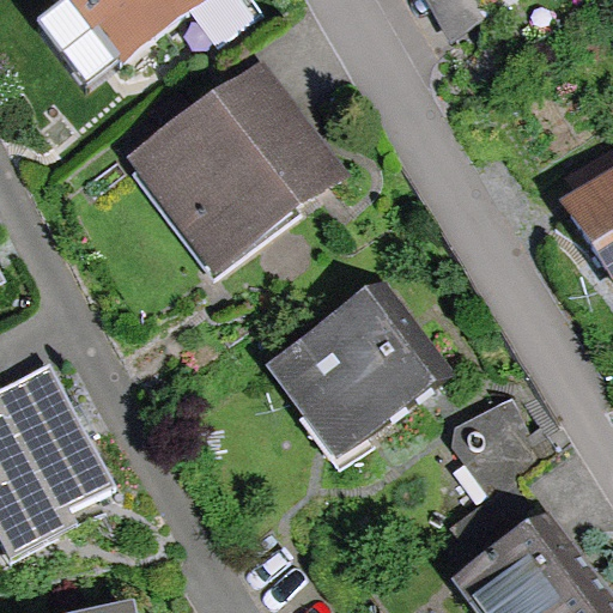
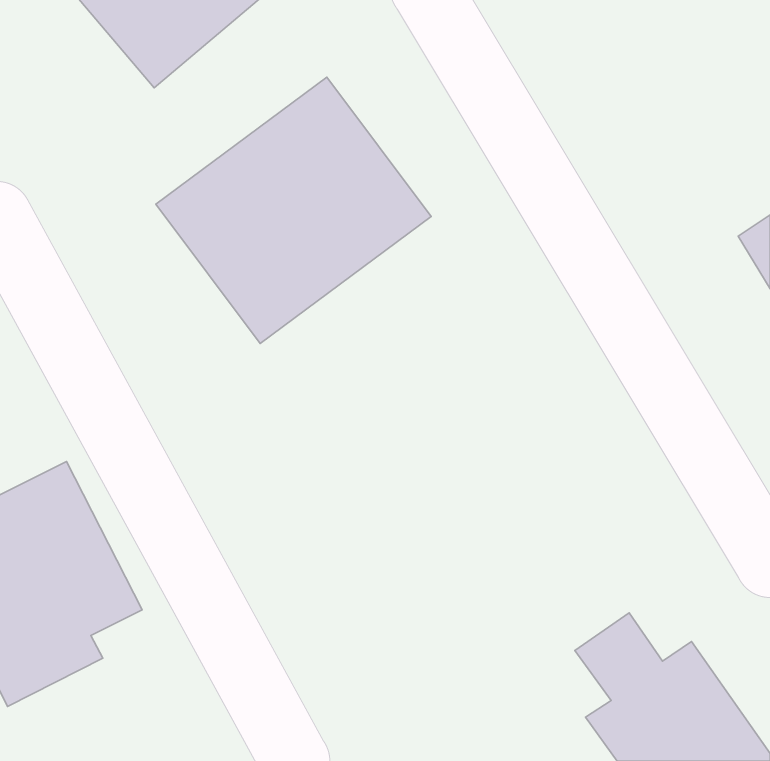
building: [254,298,429,468] -> none
building: [457,392,550,485] -> none

